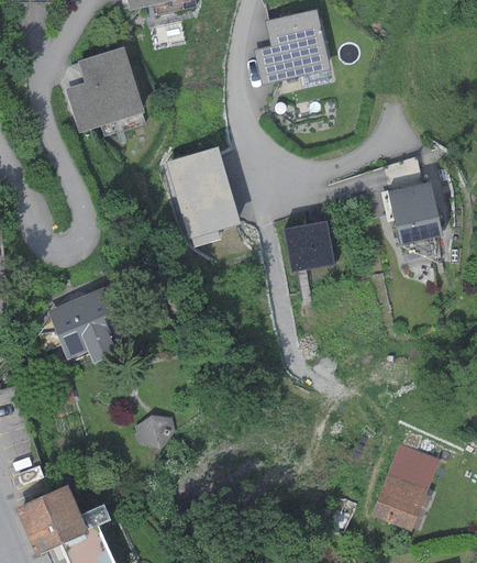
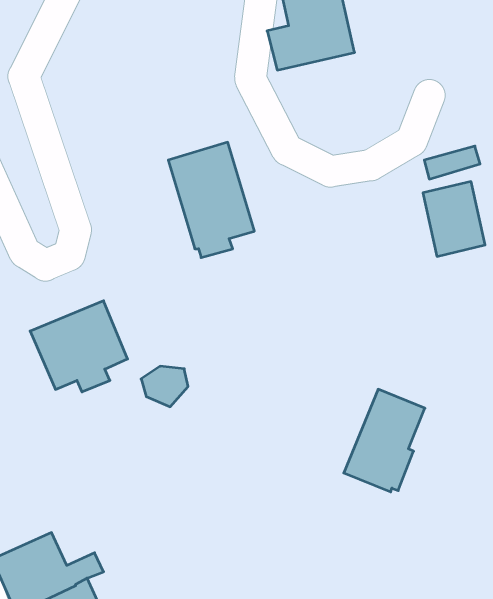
building: [66,46,147,136] -> none
building: [284,221,335,273] -> none
building: [135,415,176,450] -> [141,366,188,407]
building: [370,442,441,531] -> [344,389,425,492]

